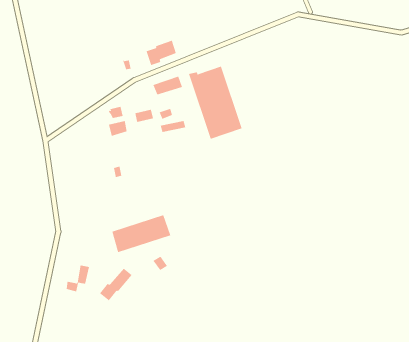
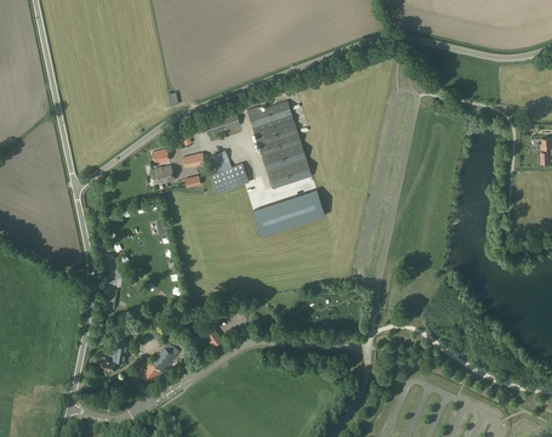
building: [146,40,177,66] -> none
building: [111,214,171,253] -> [254,189,325,235]

